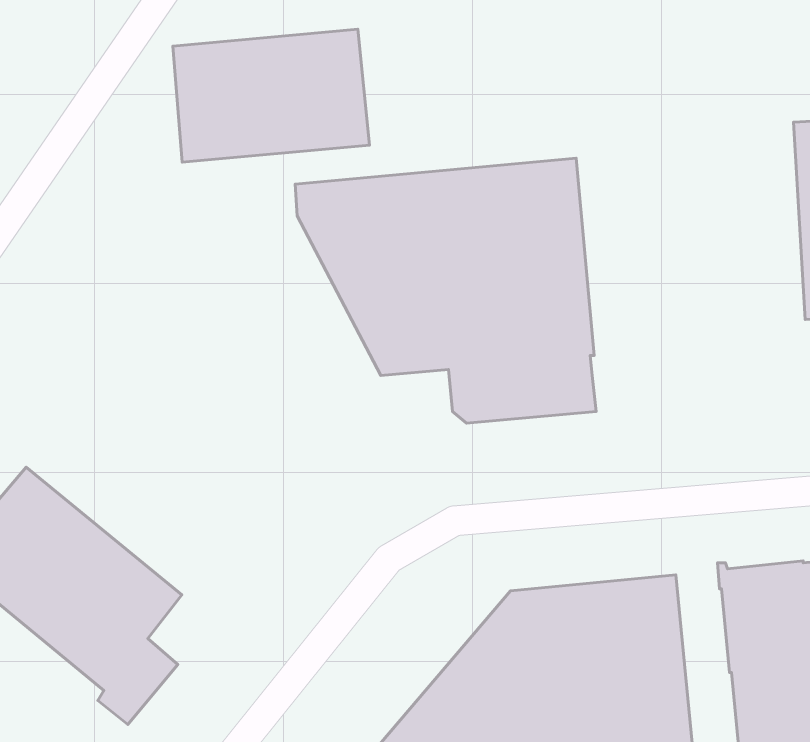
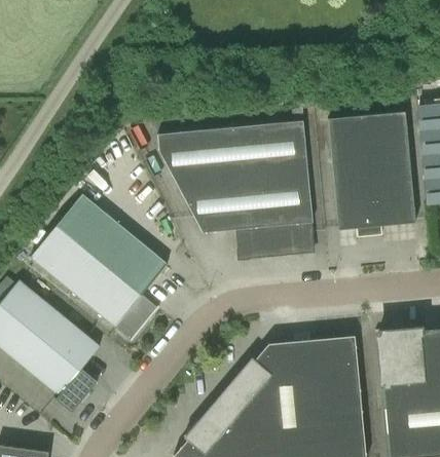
building: [173,29,369,162] -> none
building: none -> [303,111,416,237]
building: none -> [30,194,168,341]

